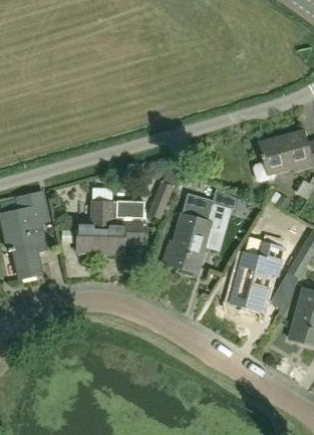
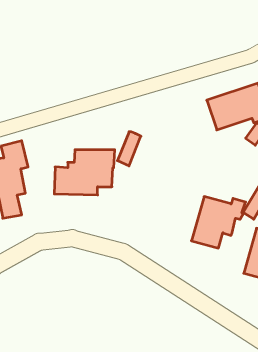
building: [163,192,231,275] -> none

